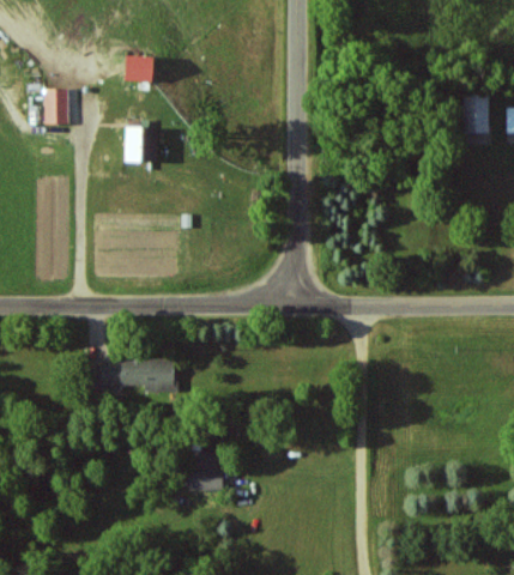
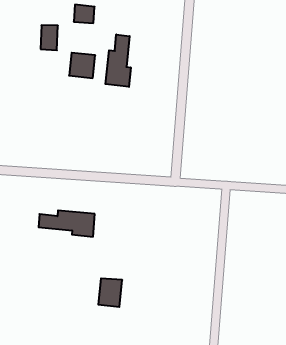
building: [42,89,67,125] -> [41,25,58,50]
building: none -> [105,34,131,87]

